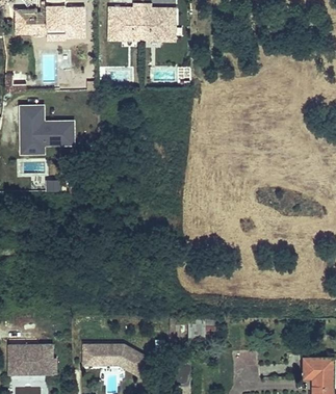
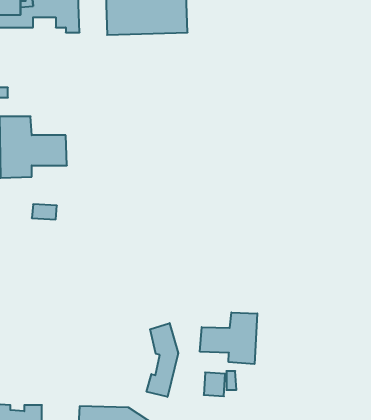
building: none -> [200,312,257,364]
building: none -> [147,323,178,397]

